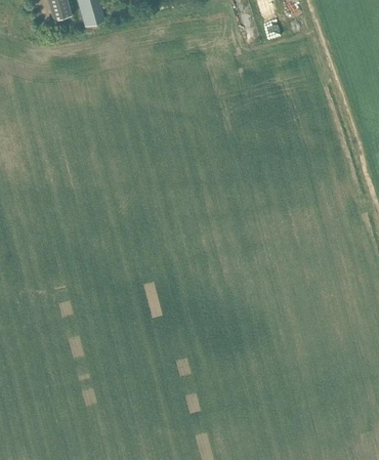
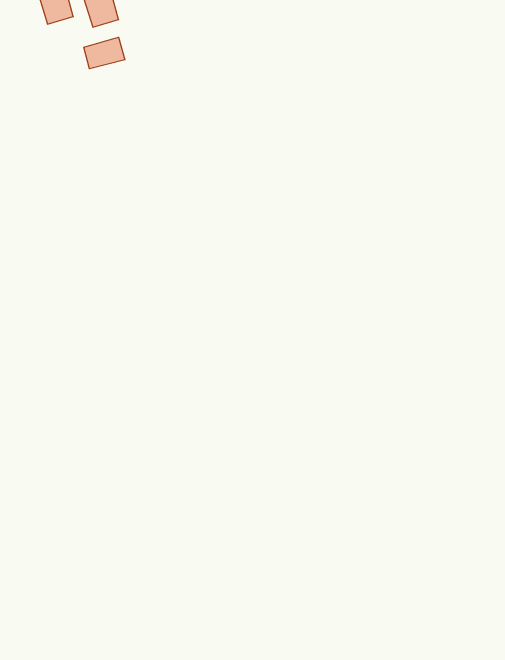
building: none -> [84,37,125,69]

